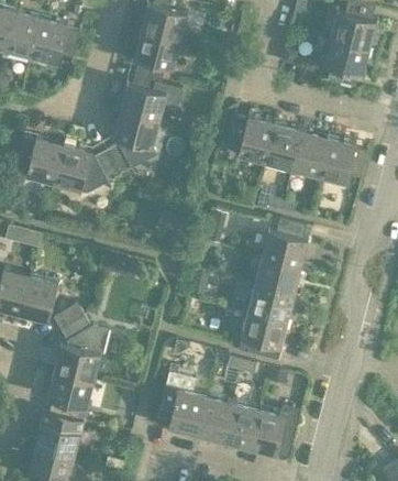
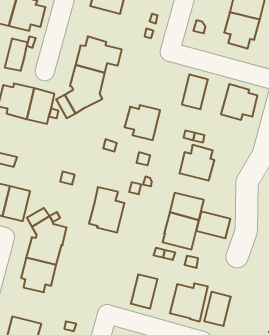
building: [133,29,180,78] -> none
building: none -> [5,38,28,71]
building: [225,116,274,163] -> [124,105,160,140]
building: [289,129,328,176] -> none
building: [254,256,300,293] -> [196,212,230,238]
building: [156,372,204,434] -> [89,187,125,232]
building: [221,401,257,447] -> [204,292,231,326]
building: [34,412,81,461] -> none

